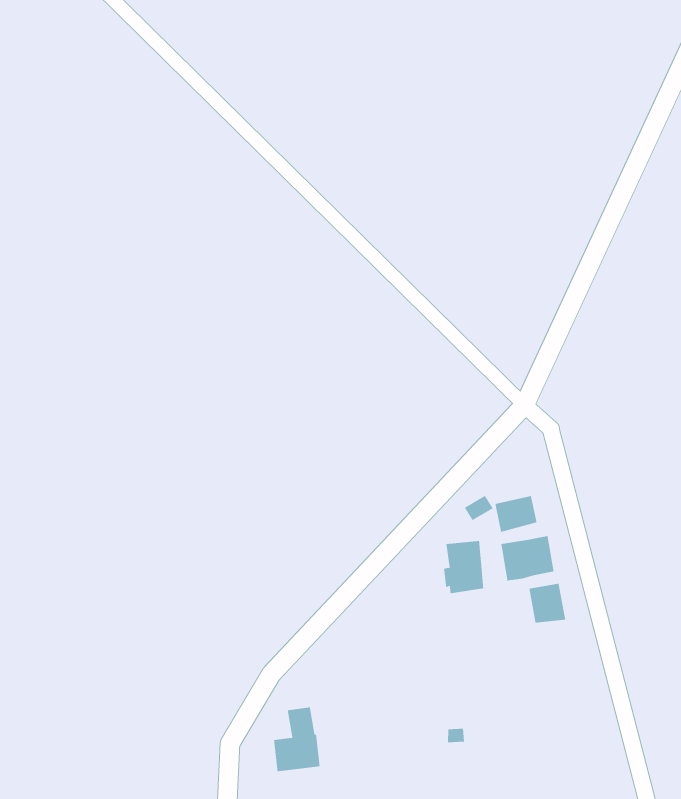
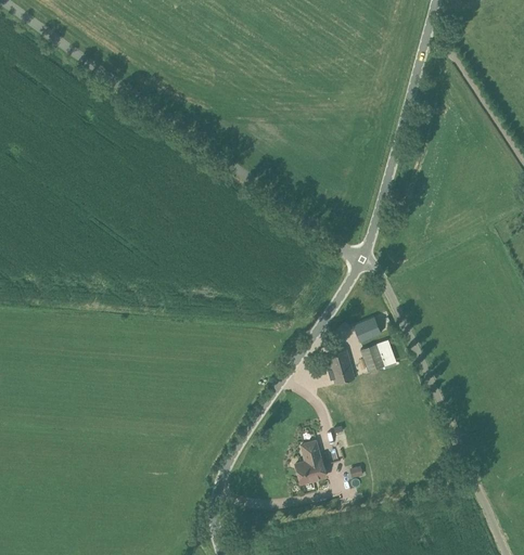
building: [529,583,566,624] -> none
building: [273,706,320,772] -> [295,440,327,483]

